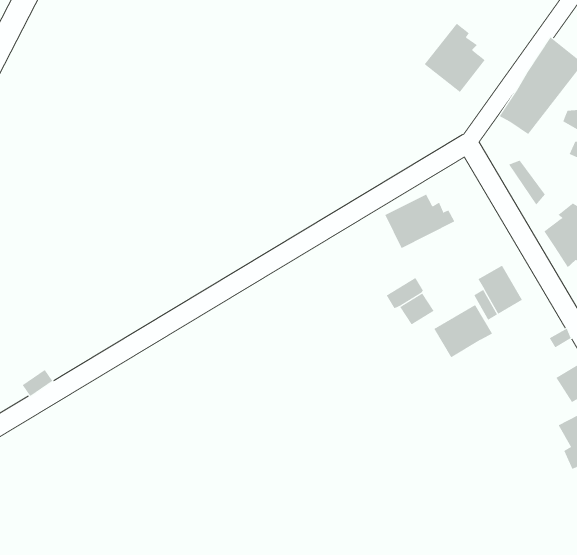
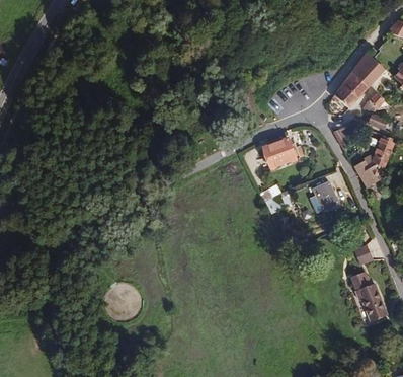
building: [424,23,485,93] -> none
building: [434,304,493,358] -> none

